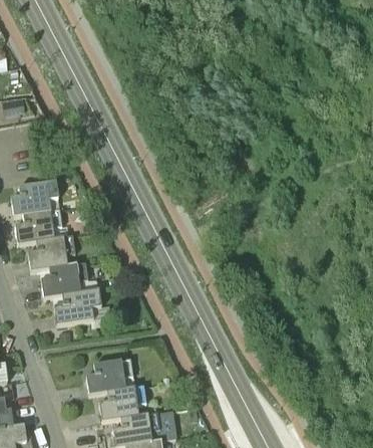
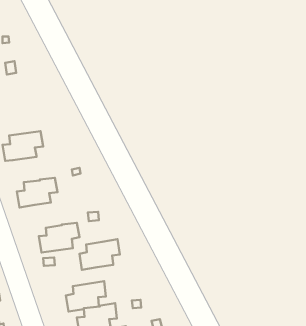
building: [14,208,62,243] -> none
building: [40,261,88,297] -> [79,239,120,270]

